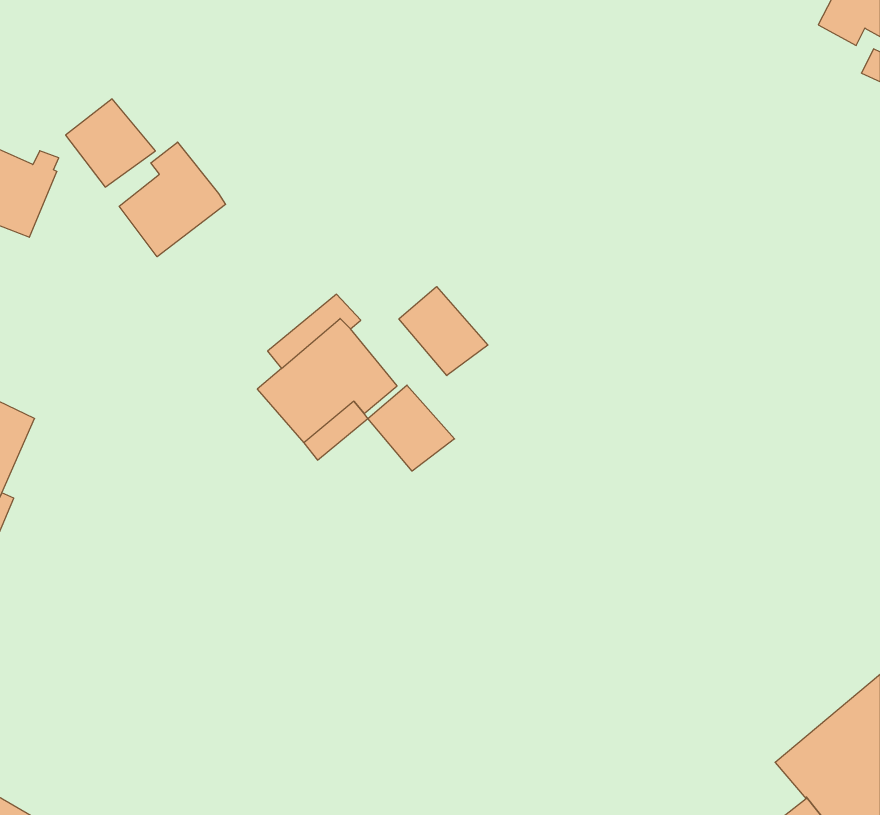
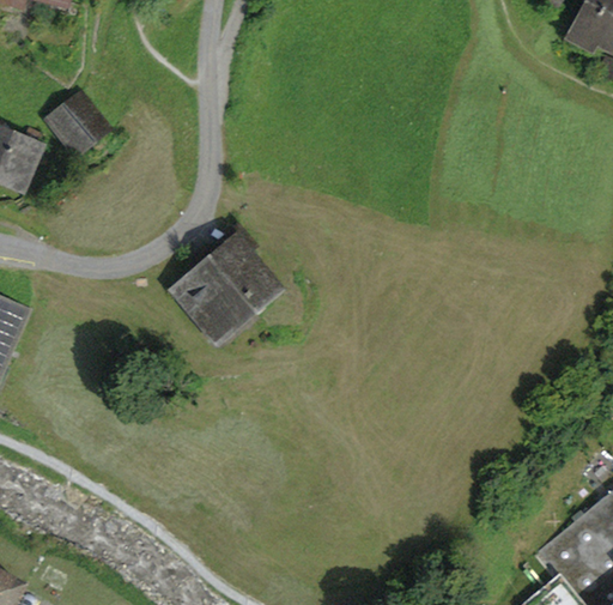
building: [119,142,226,257] -> none
building: [399,287,488,376] -> none
building: [368,385,455,471] -> none

